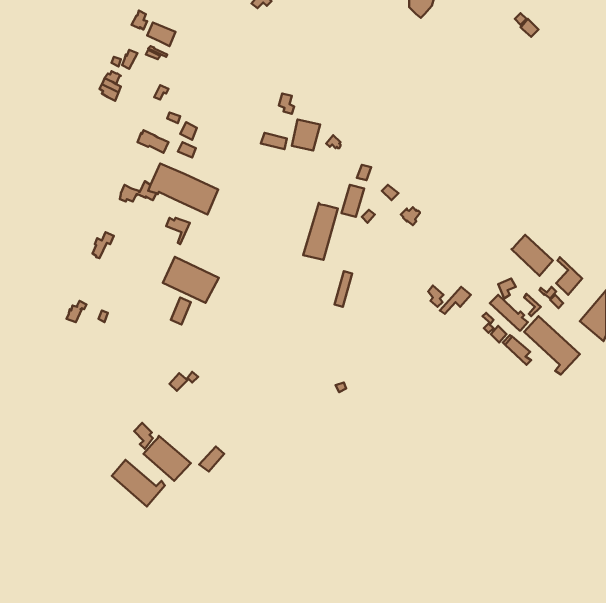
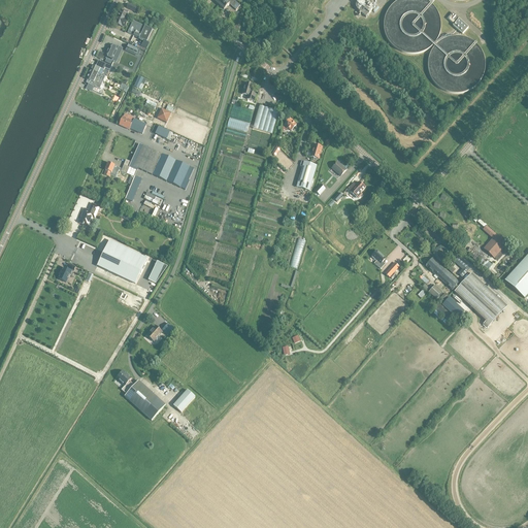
building: [303,203,338,260] -> none
building: [511,235,553,276] -> none
building: [163,257,219,303] -> [98,241,146,282]
building: [112,460,165,507] -> none

